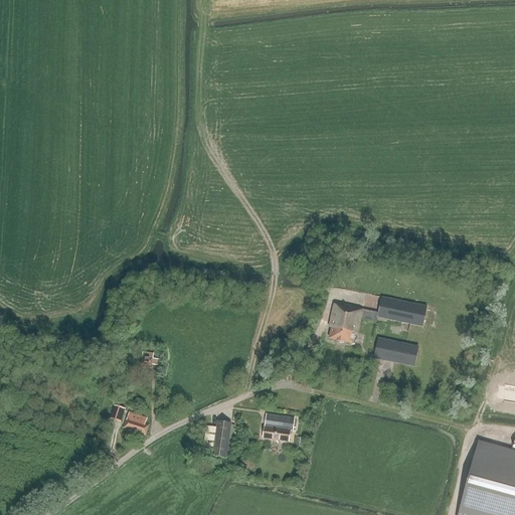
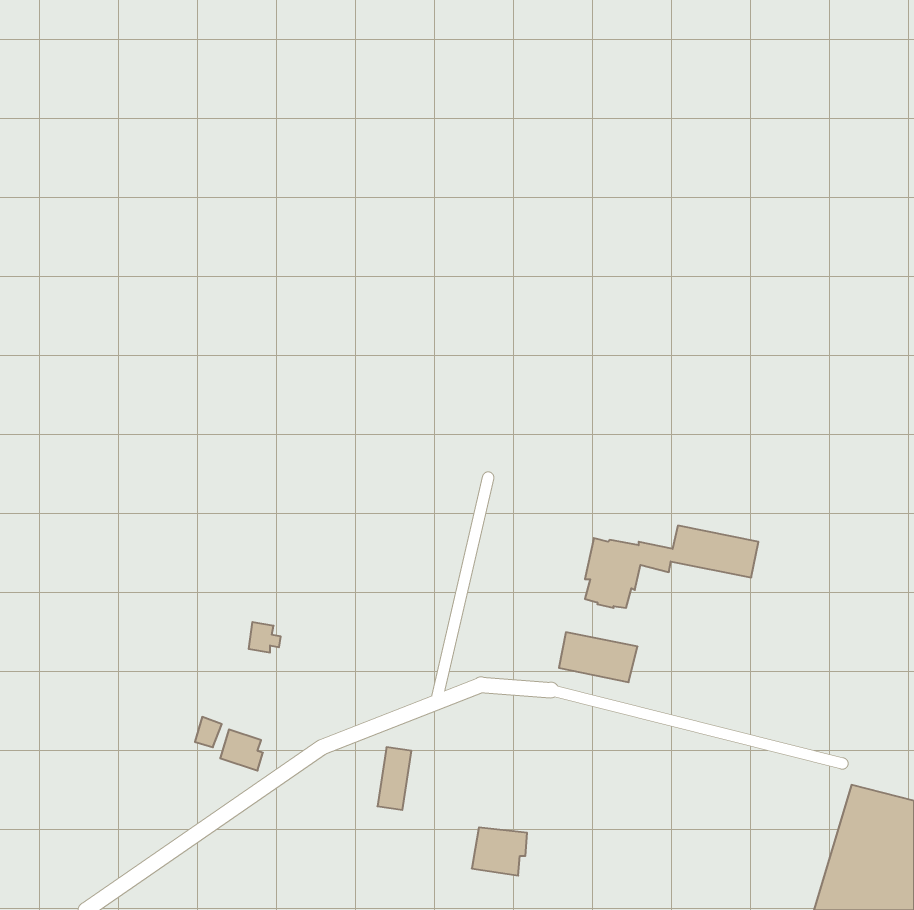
building: [374,337,418,365] -> [559,632,638,682]
building: [263,413,294,441] -> [472,827,527,876]

